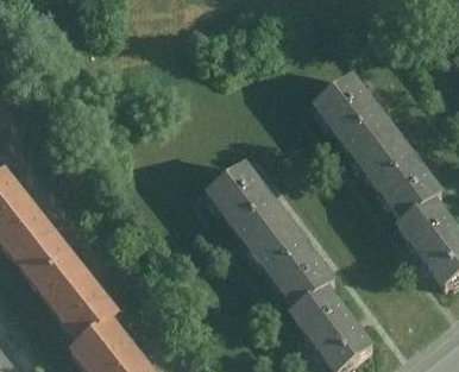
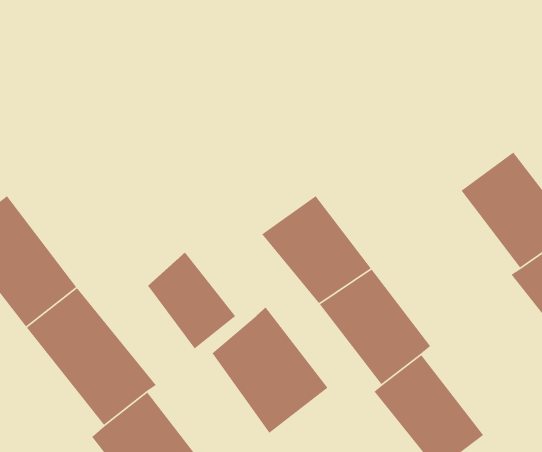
building: [309,76,394,160] -> none
building: none -> [147,252,236,350]
building: none -> [212,307,328,434]

